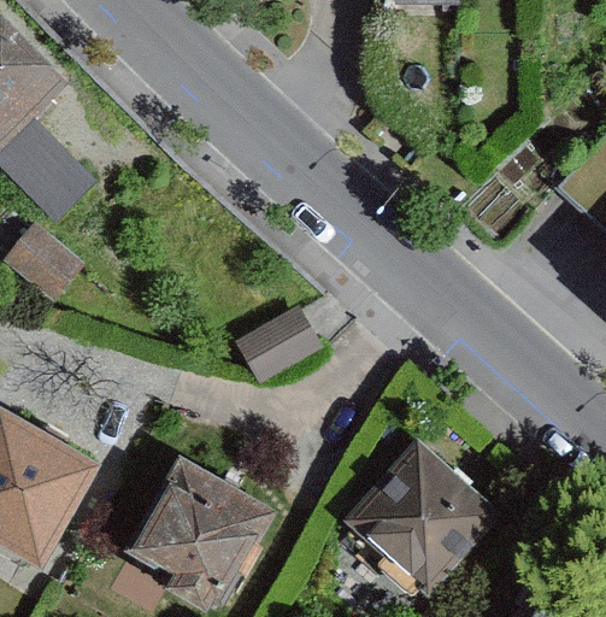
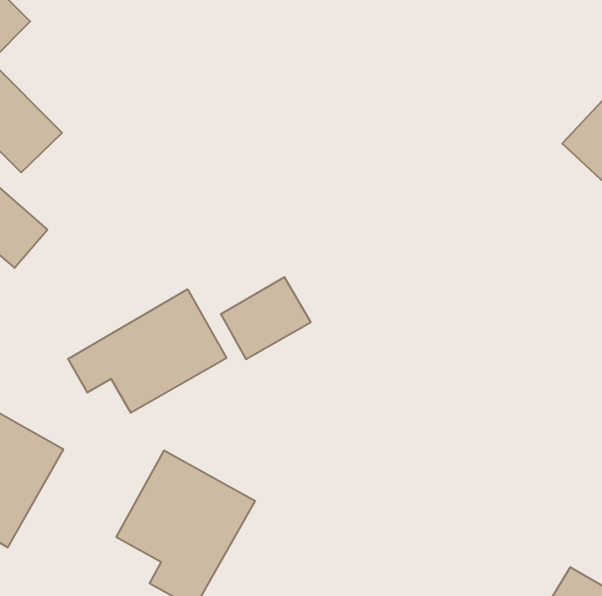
building: none -> [68,289,226,413]
building: [355,447,495,586] -> none

